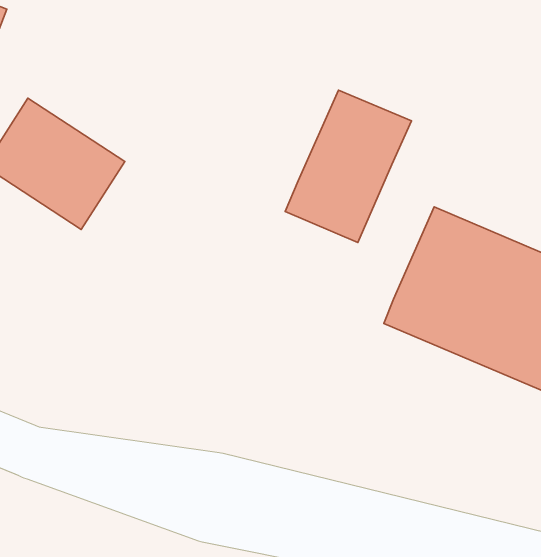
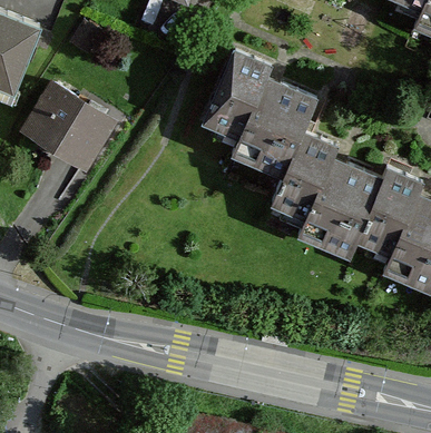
building: none -> [203,47,273,140]
building: none -> [271,129,339,222]

